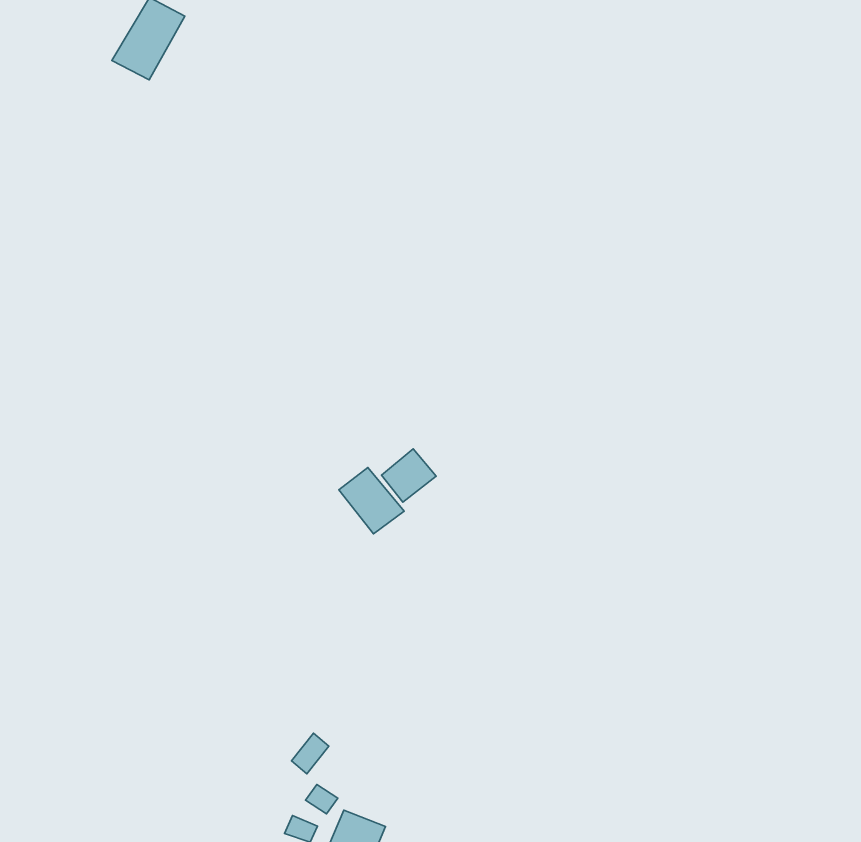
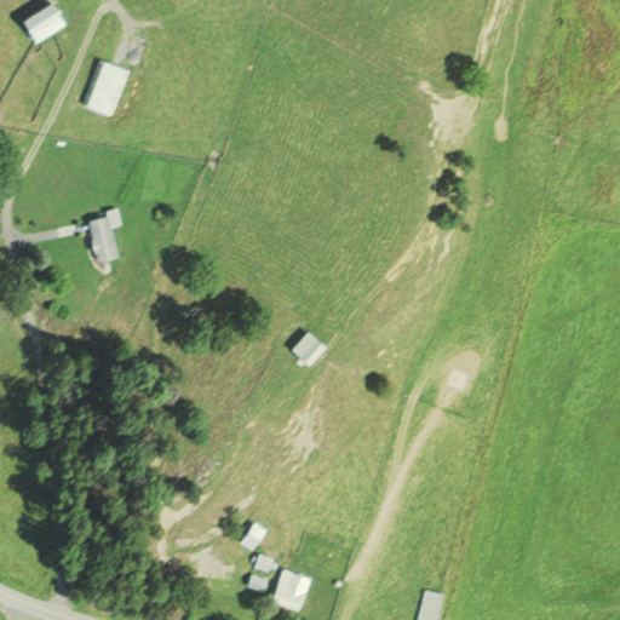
building: none -> [91,218,120,260]
building: [339,468,404,534] -> none

